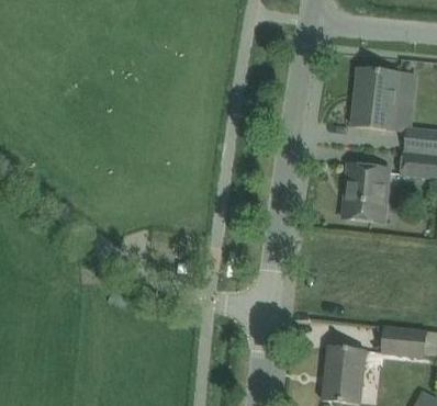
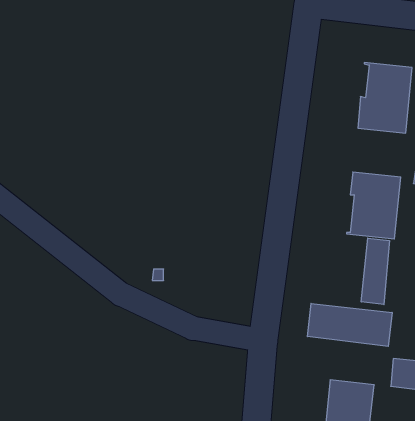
building: none -> [361,238,389,305]
building: none -> [307,303,392,346]

